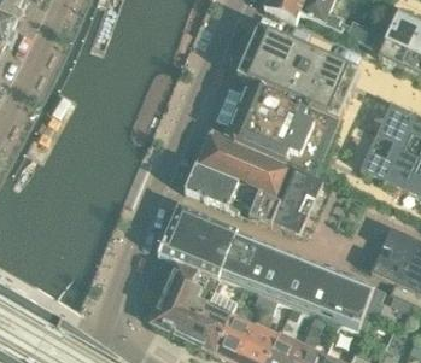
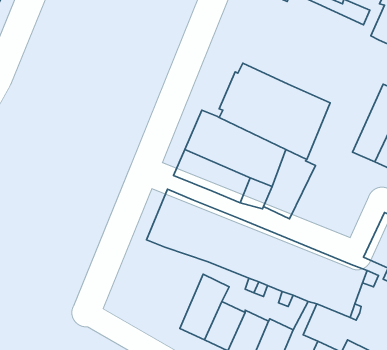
building: [235,25,358,119] -> none
building: [148,260,217,340] -> none

